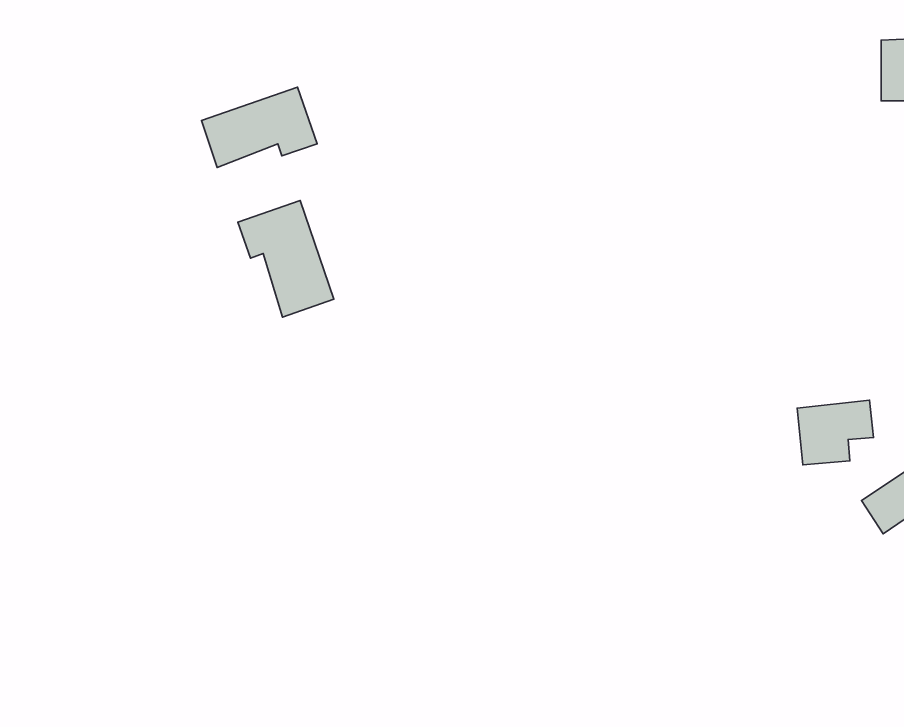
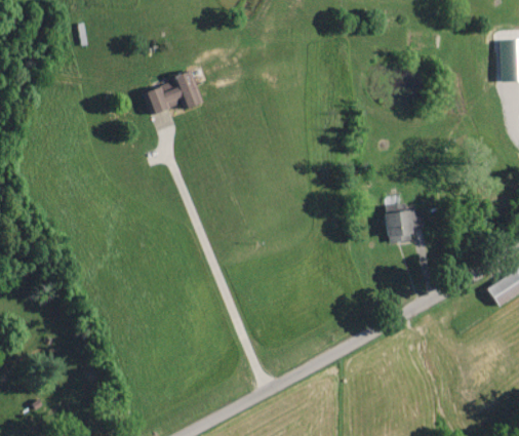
building: [238,201,334,317] -> none
building: [797,400,873,465] -> [386,208,426,242]

